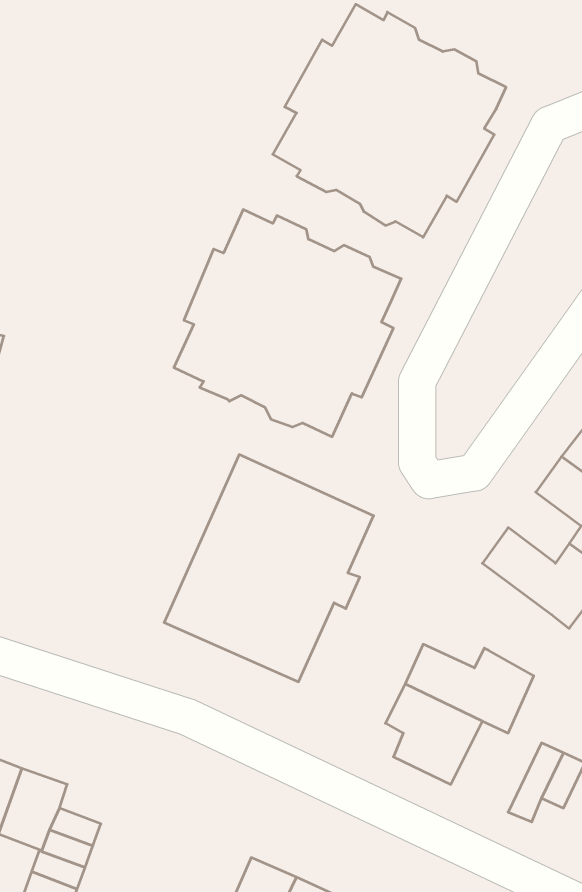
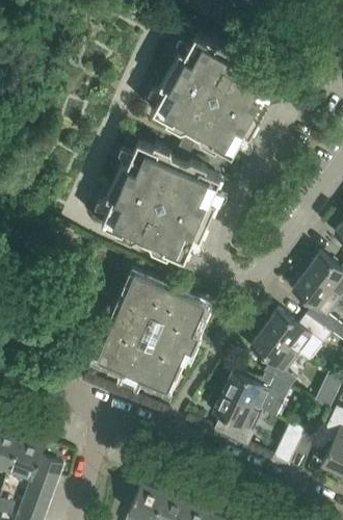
building: none -> [249,329,299,388]

